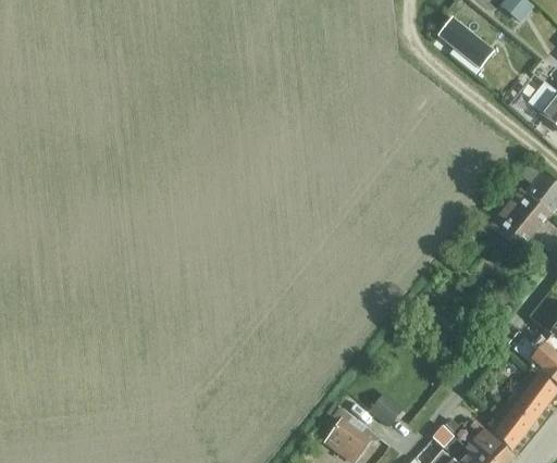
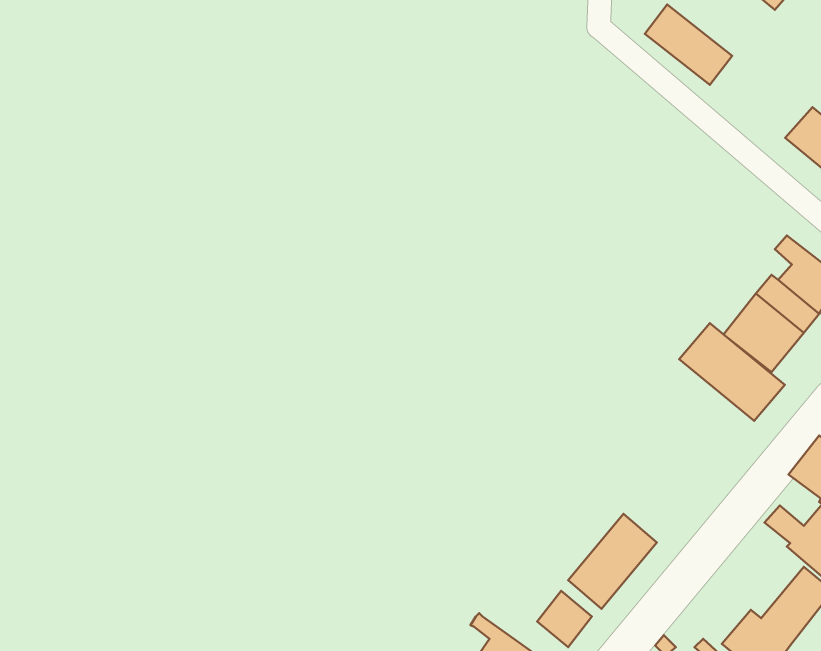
building: none -> [679,323,785,421]
building: none -> [568,514,657,609]

